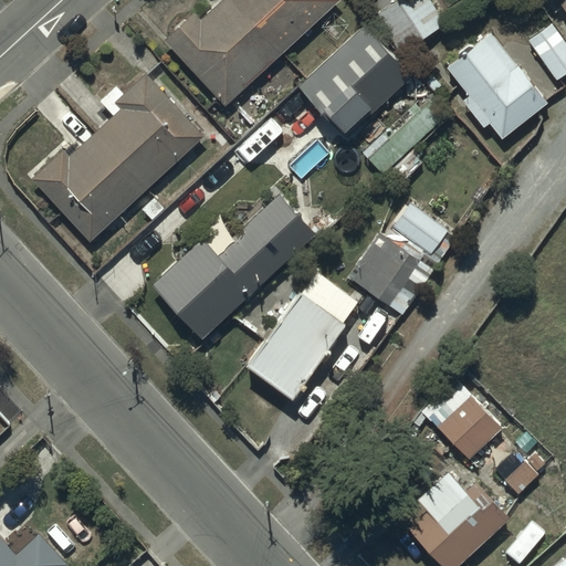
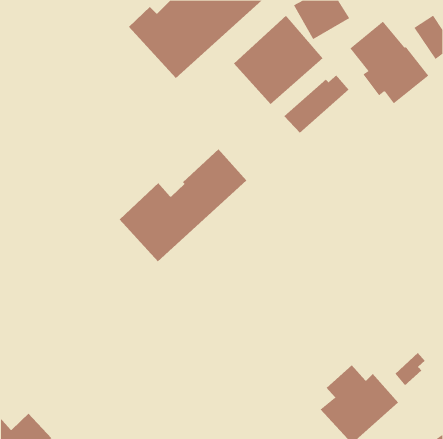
building: [24,73,203,241] -> none
building: [352,206,454,308] -> none
building: [244,272,357,399] -> none
building: [434,391,504,461] -> none

